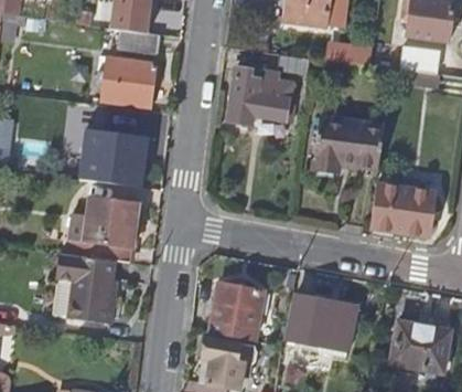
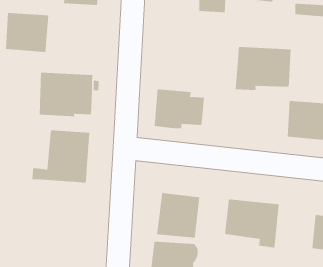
building: [103,57,158,108] -> [5,13,49,53]
building: [229,73,292,123] -> [154,89,205,129]
building: [53,256,115,325] -> none

